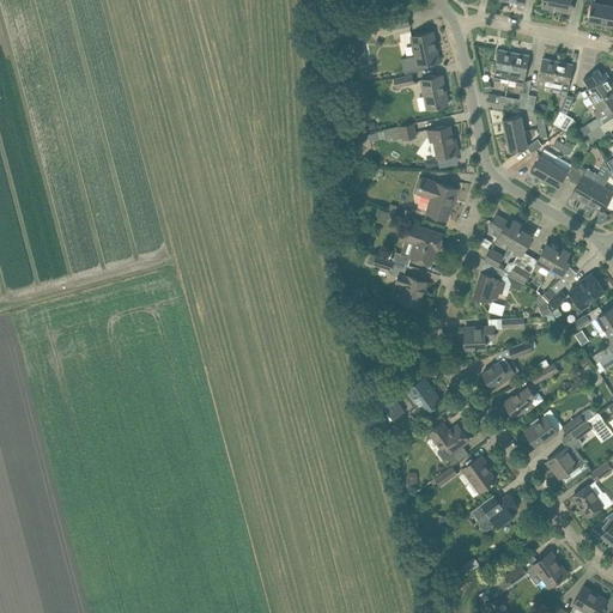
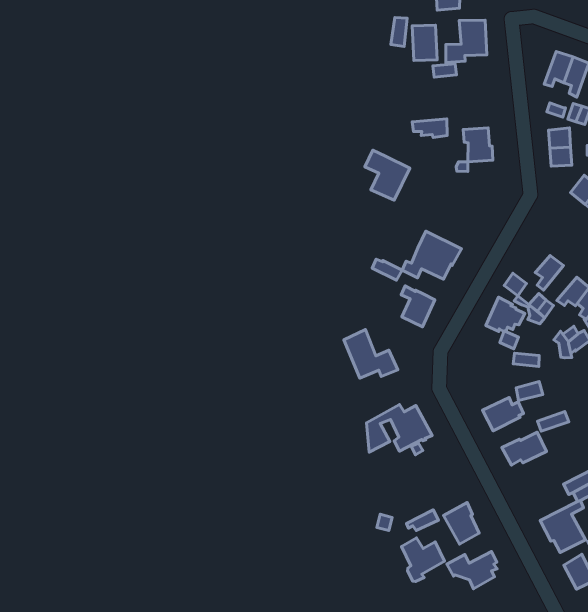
building: [421,75,448,109] -> [412,25,437,60]
building: [418,178,457,219] -> [365,150,410,200]
building: [490,214,523,244] -> none
building: none -> [344,329,398,378]
building: [465,326,494,348] -> none
building: [524,415,560,445] -> none
building: [430,423,469,461] -> [401,538,445,582]

